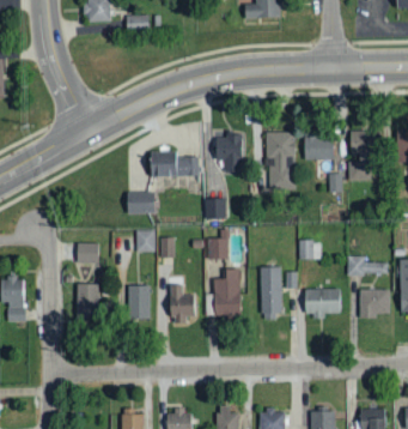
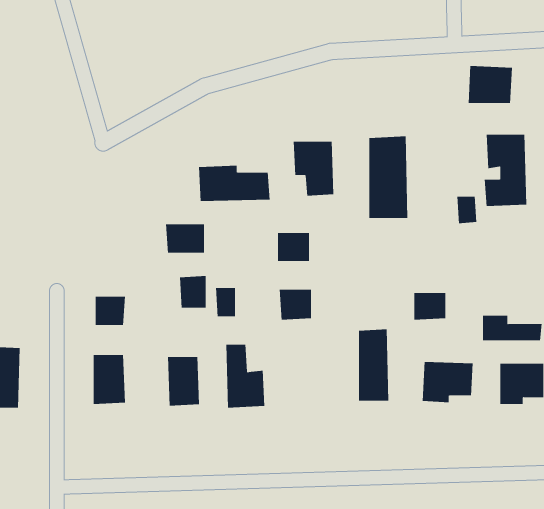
building: [304,133,335,159] -> [468,66,513,103]
building: [206,270,240,316] -> none

